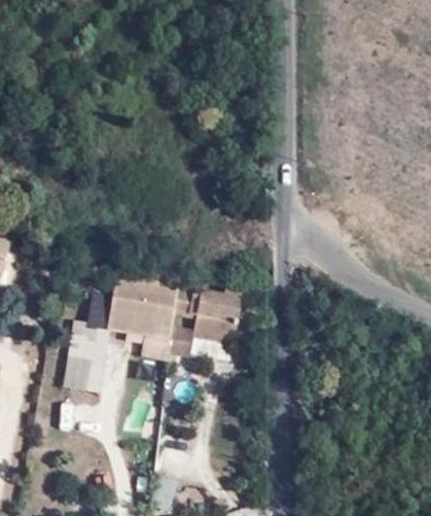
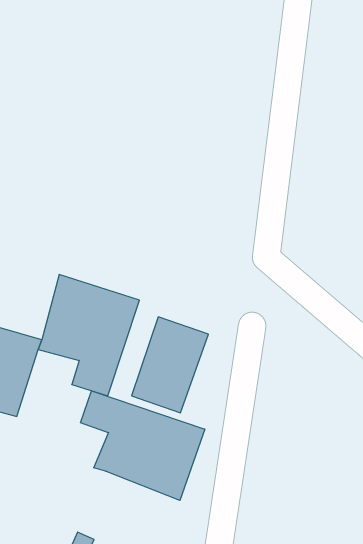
building: none -> [81,391,205,500]

